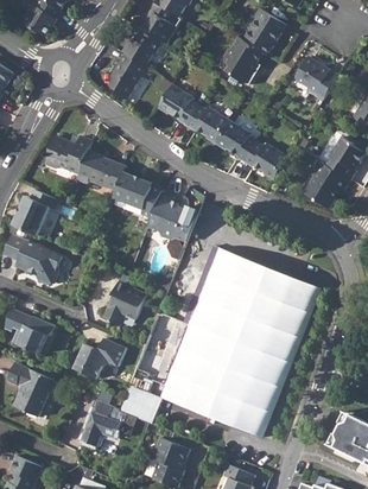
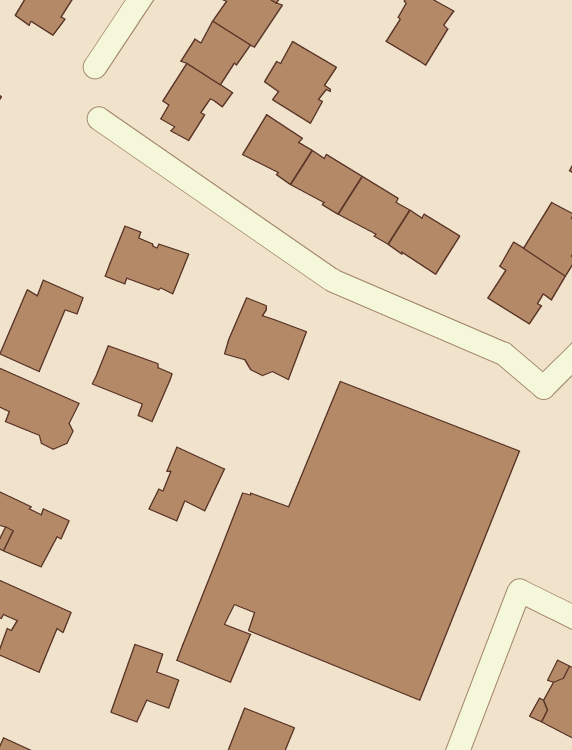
building: [221,37,264,85] -> [265,42,336,123]
building: [294,56,338,100] -> none
building: [43,136,91,174] -> none
building: [114,173,161,218] -> [92,346,172,422]
building: [72,339,126,379] -> none

